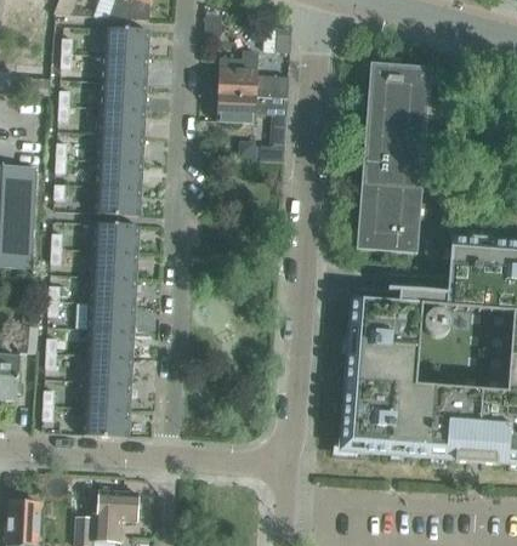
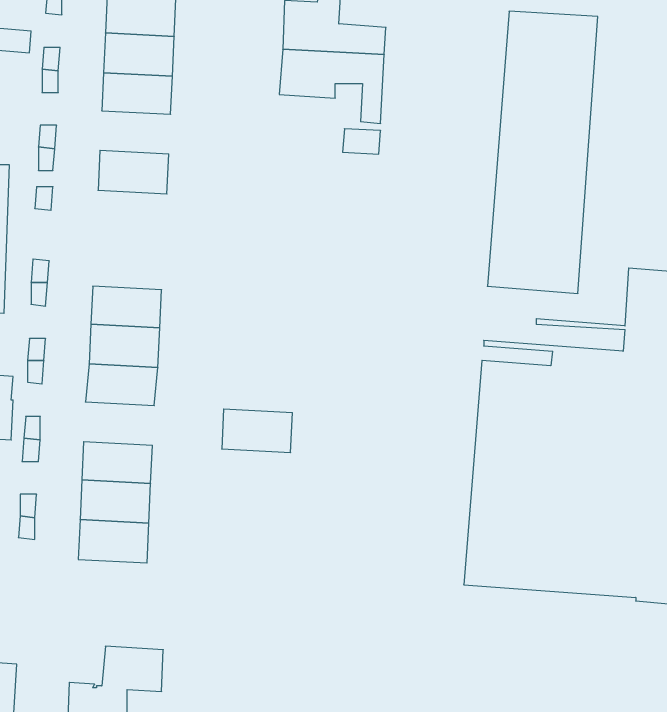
building: [97,131,144,160] -> none
building: [93,184,142,214] -> none
building: [92,221,140,251] -> none
building: [86,326,133,356] -> [222,409,292,453]

